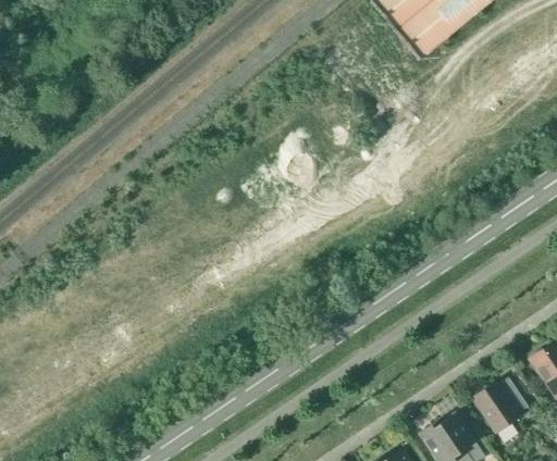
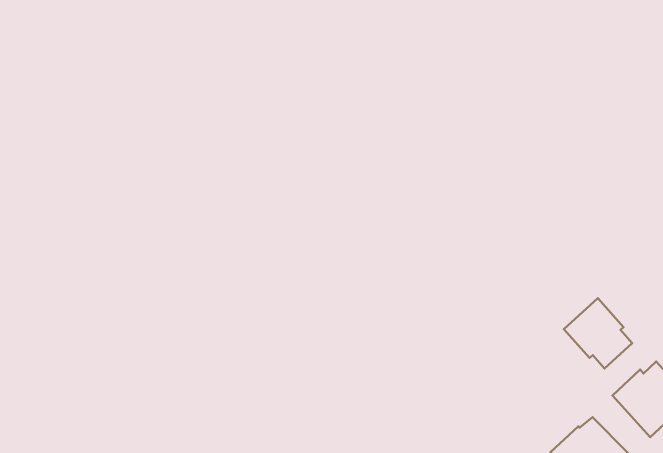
building: none -> [564,298,632,368]

